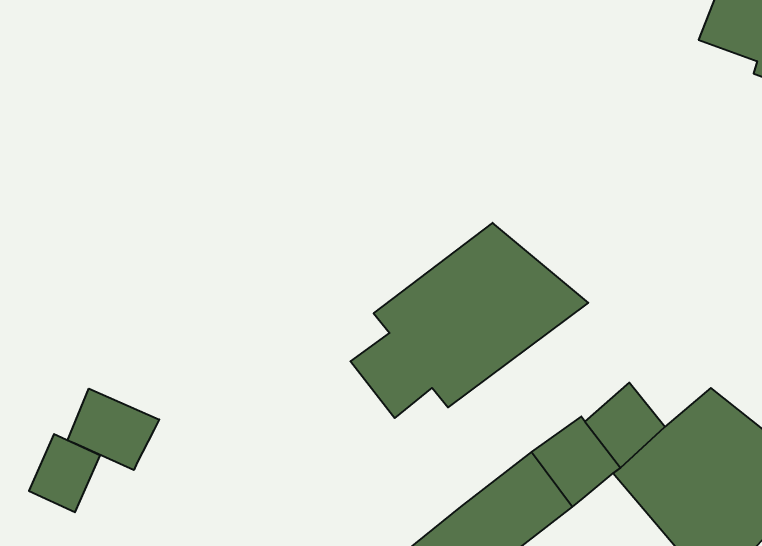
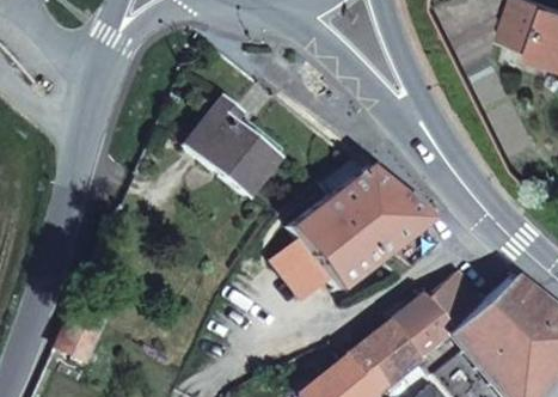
building: none -> [184,97,277,195]
building: [68,389,159,470] -> none

